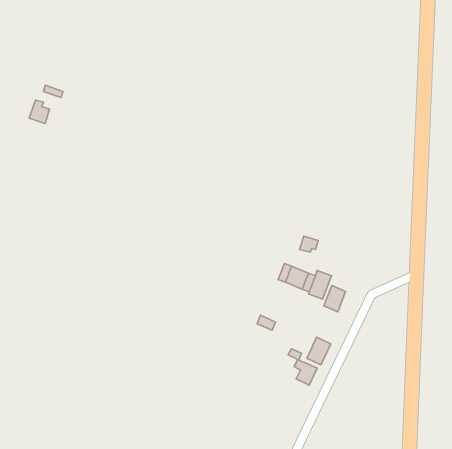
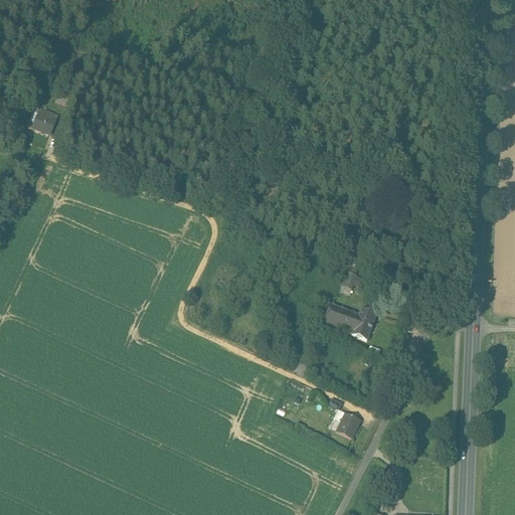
building: [324,286,346,312] -> none
building: [307,337,331,365] -> none

